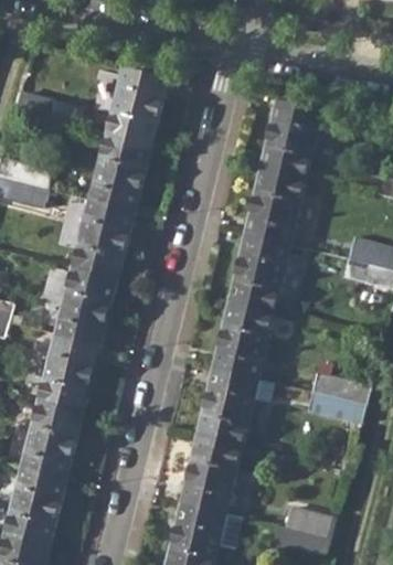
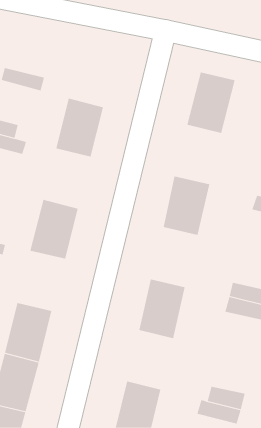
building: [104,64,168,145] -> none
building: [242,168,305,245] -> none
building: [71,199,134,277] -> none
building: [211,301,274,380] -> none
building: [36,332,100,411] -> none
building: [180,436,242,513] -> none

